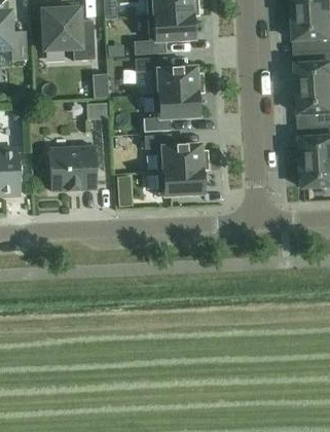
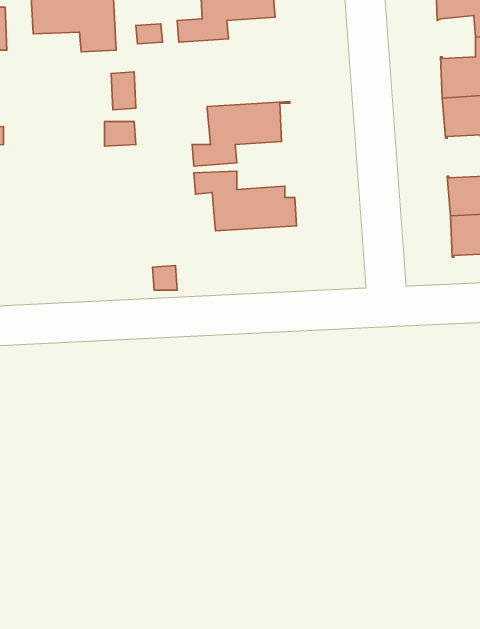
building: [134,57,203,95] -> none
building: [48,146,96,191] -> none
building: [156,169,208,196] -> none

